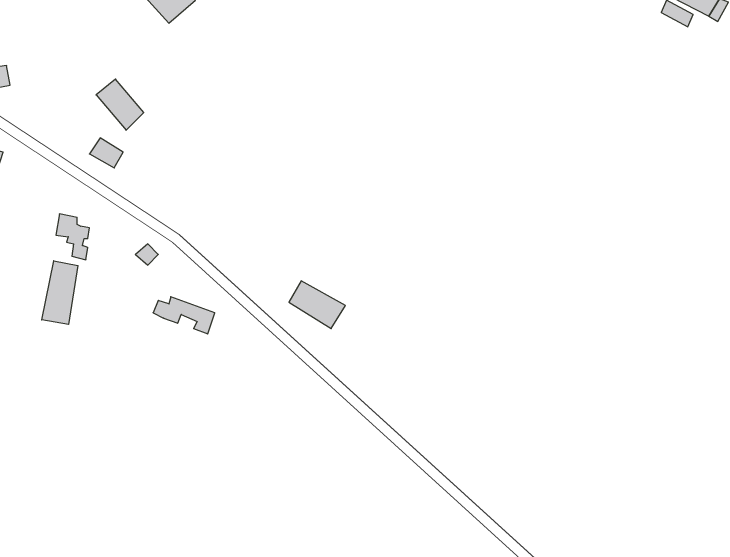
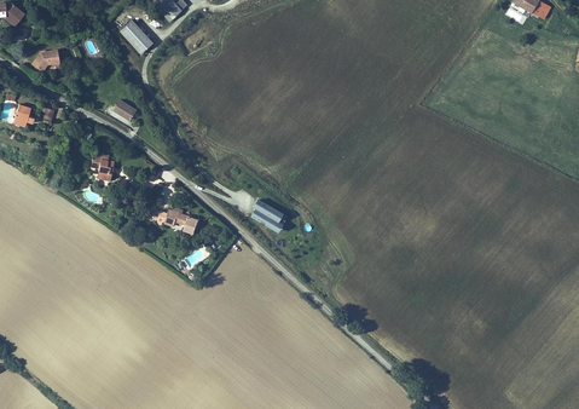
building: [96,79,144,130] -> [120,19,152,54]
building: [42,261,78,324] -> none

